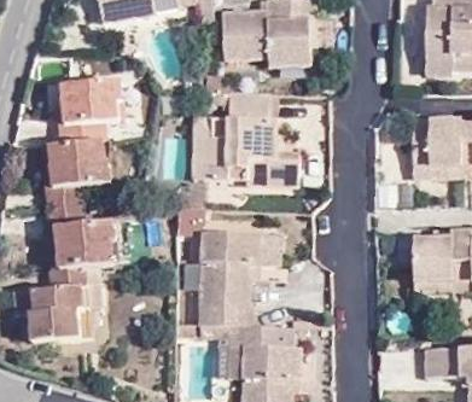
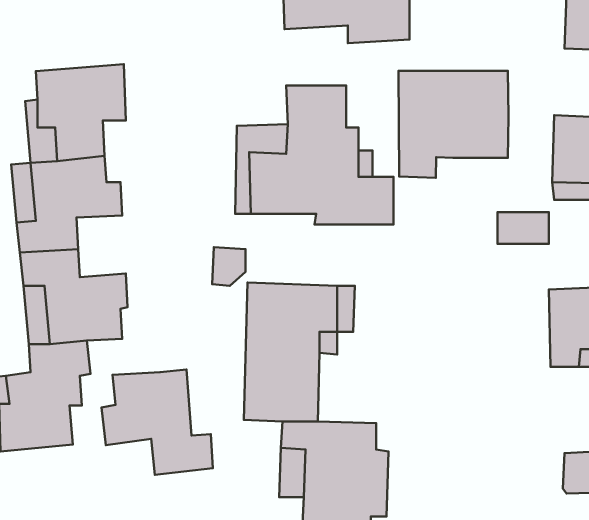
building: none -> [398,71,509,178]
building: none -> [101,370,213,475]

